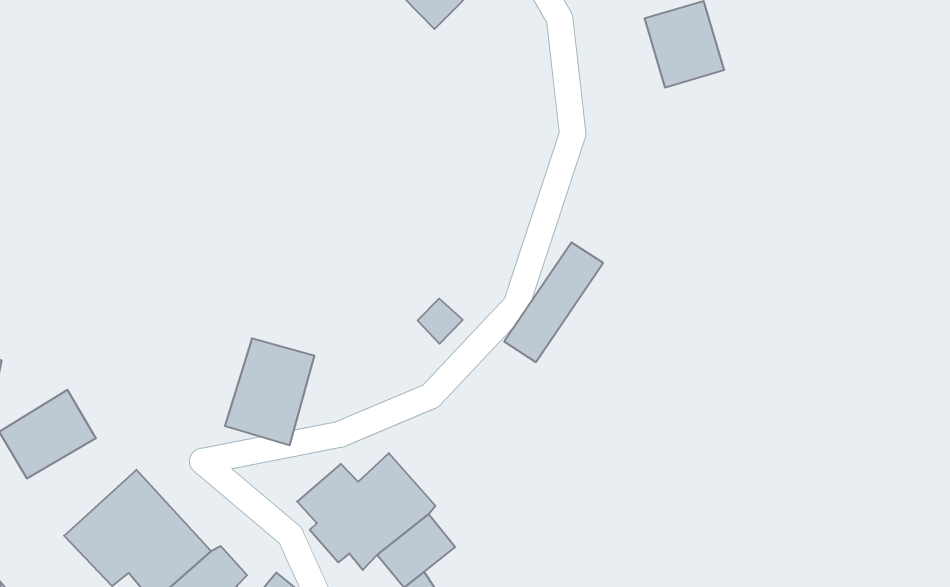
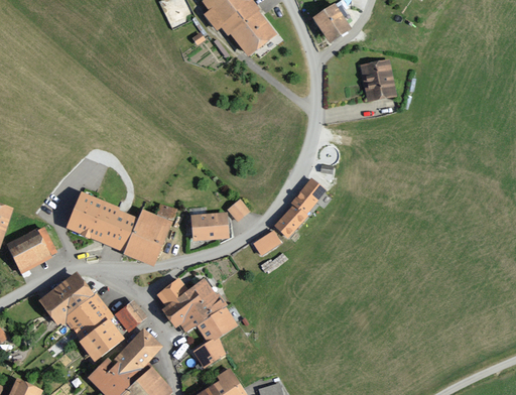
building: none -> [64,190,139,253]
building: none -> [191,214,229,240]
building: none -> [253,231,283,257]
building: none -> [115,300,145,331]

